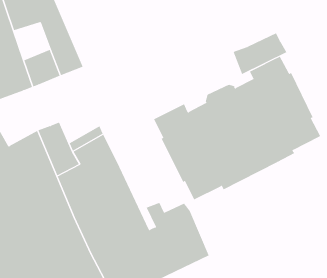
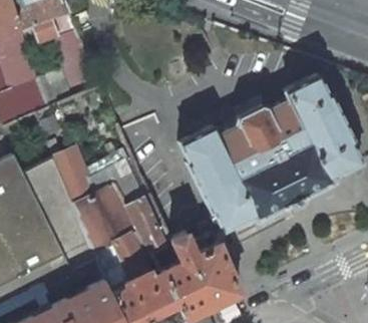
building: [233,32,287,75] -> none

